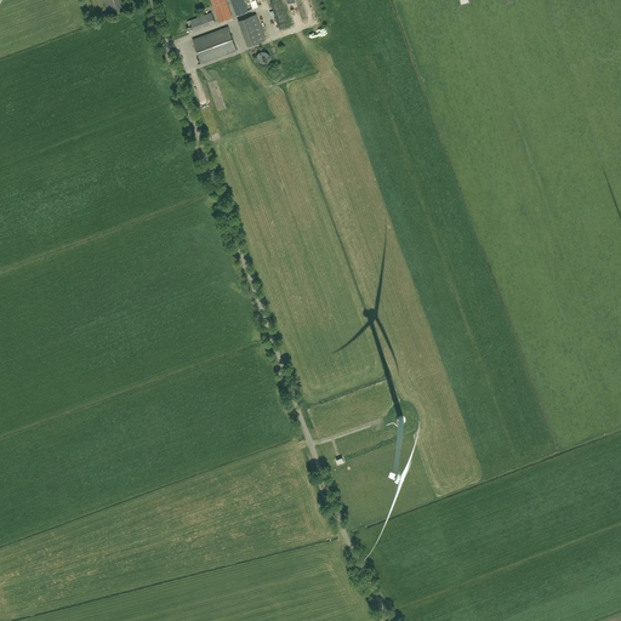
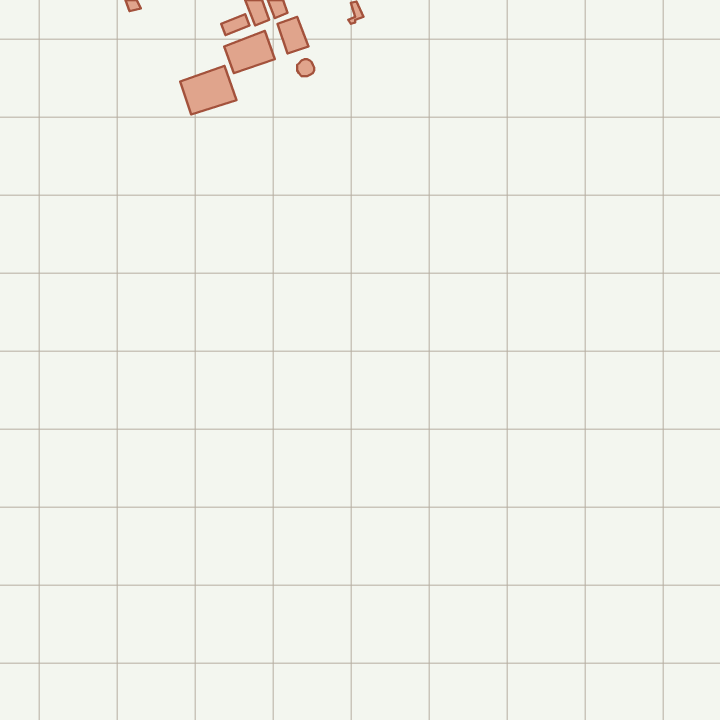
building: none -> [180,66,237,114]

